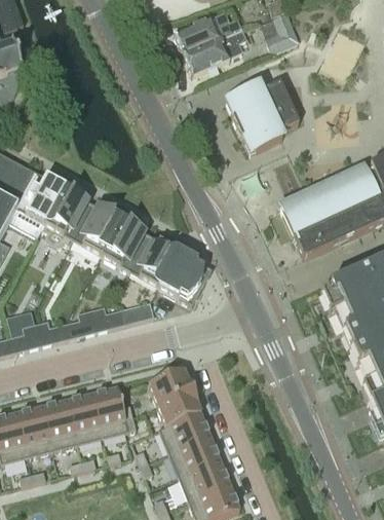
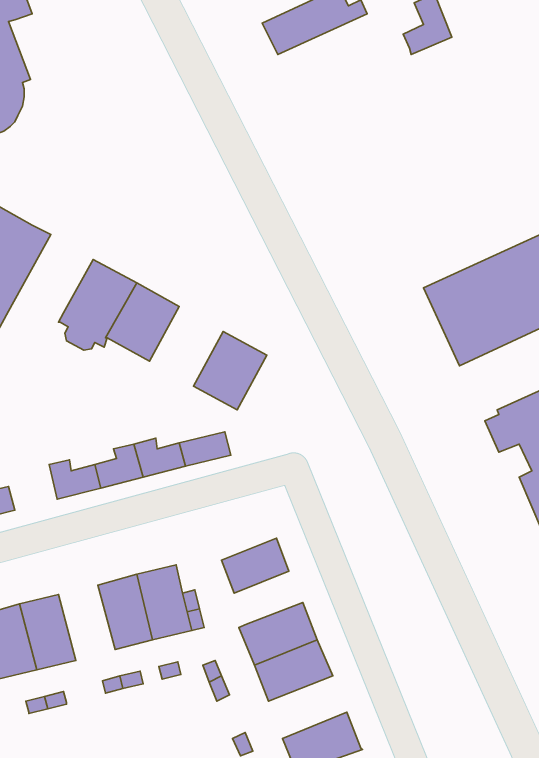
building: [186,26,249,74] -> none
building: [228,82,300,152] -> none
building: [9,171,65,237] -> none
building: [102,218,150,270] -> none
building: [159,250,213,304] -> none
building: [9,322,41,351] -> none
building: [157,392,202,426] -> none
building: [42,401,79,450] -> none
building: [180,460,231,502] -> none

